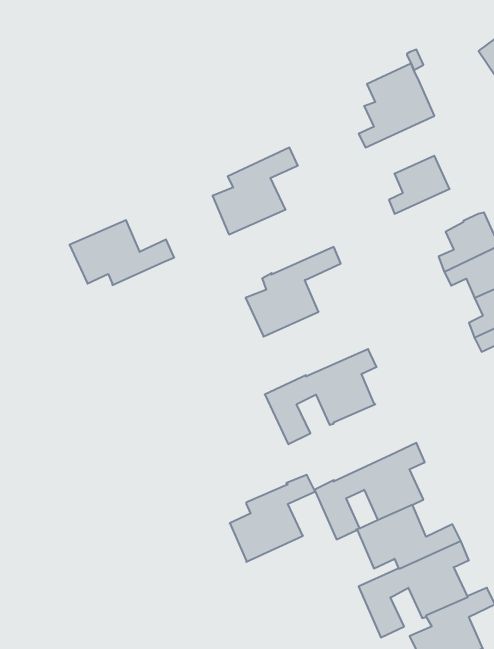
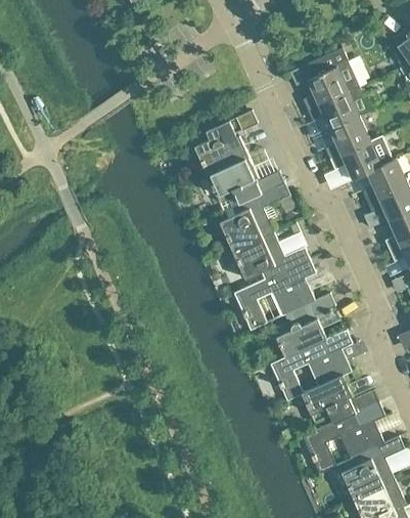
building: none -> [309,87,371,130]
building: none -> [330,136,393,180]
building: [69,220,174,285] -> [208,157,285,205]
building: none -> [233,232,311,280]
building: [230,475,315,562] -> [273,294,336,358]

